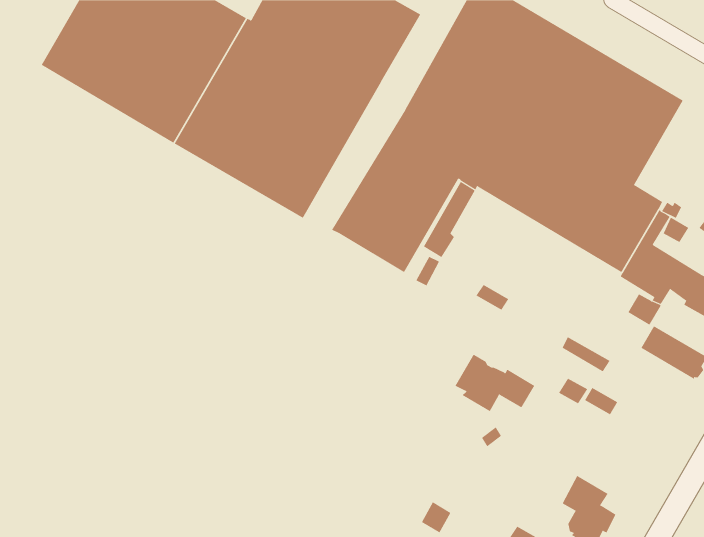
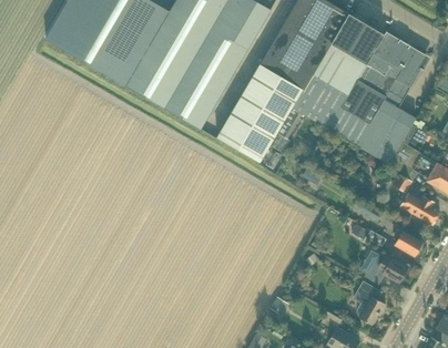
building: [454,354,535,412] -> [359,252,407,286]
building: none -> [394,227,422,256]

